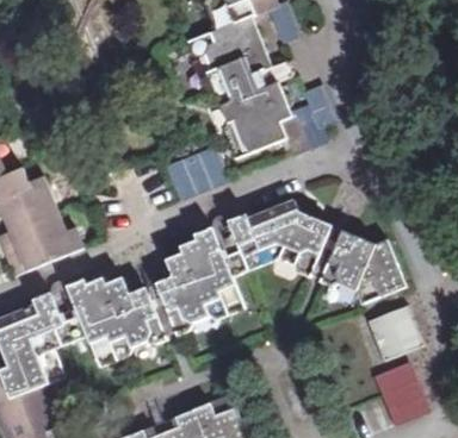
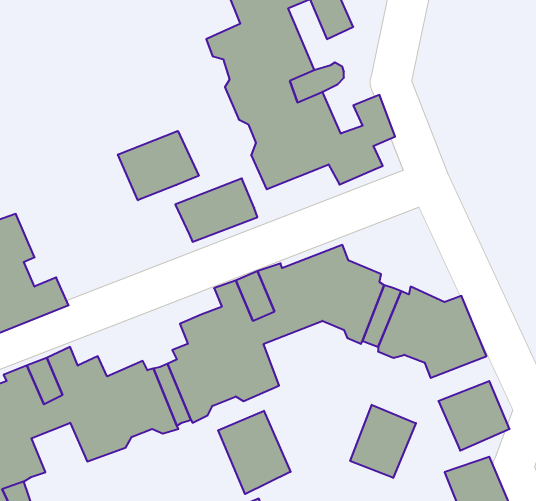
building: none -> [118,131,199,200]
building: none -> [350,405,416,478]
building: none -> [218,411,291,494]

